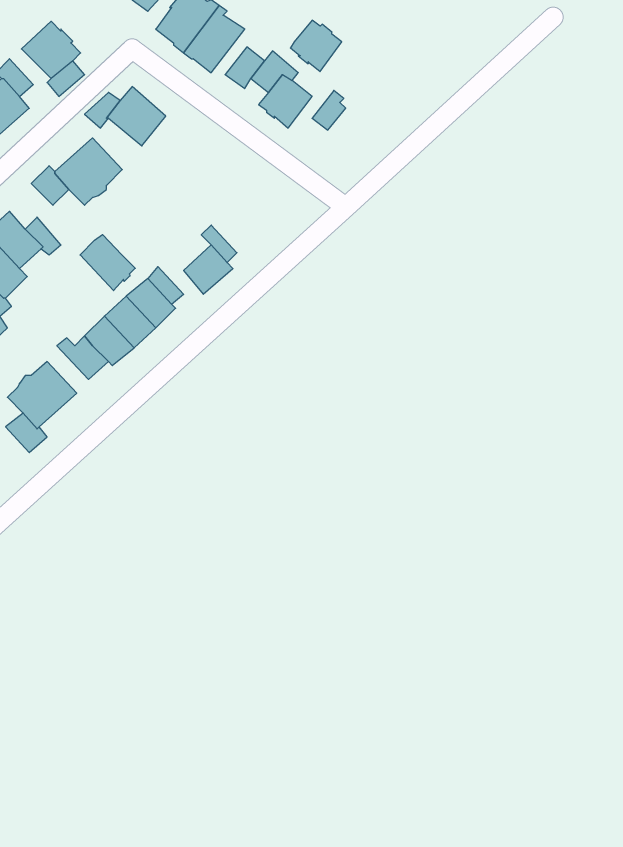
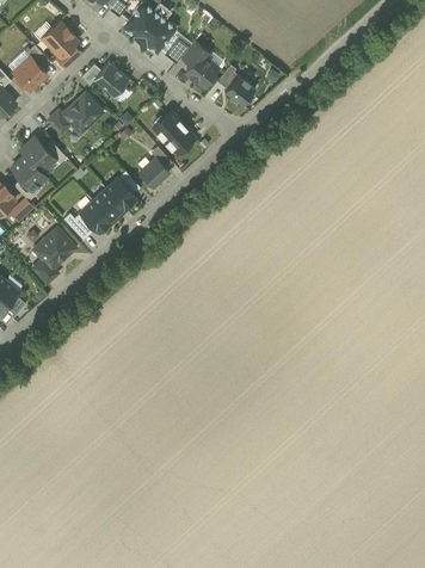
building: [290,20,342,72] -> [224,75,255,106]
building: none -> [153,111,195,154]
building: [80,235,135,291] -> none

